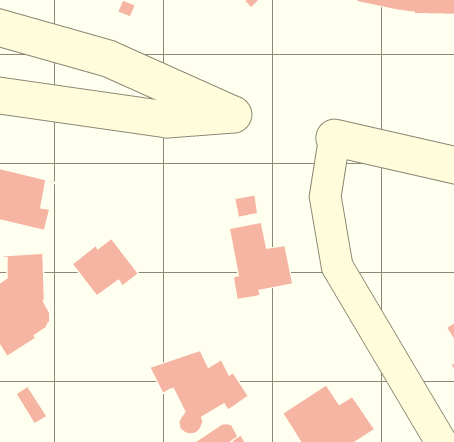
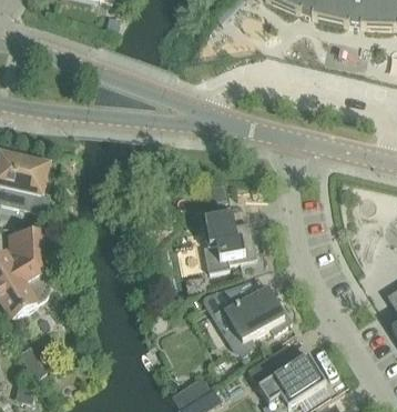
building: [72,235,138,302] -> none
building: [150,350,249,434] -> [206,280,291,351]

